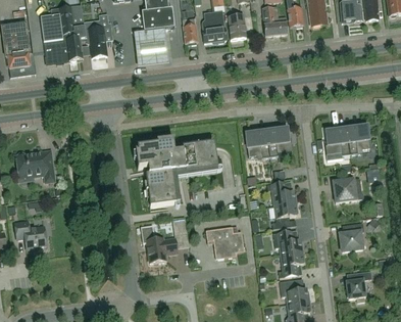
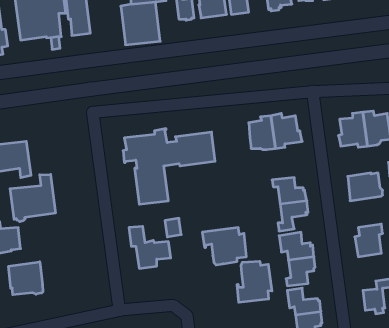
building: none -> [10,174,55,222]
building: none -> [237,261,272,302]
building: none -> [9,262,43,295]

